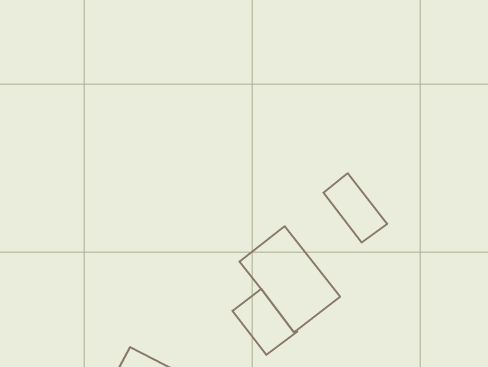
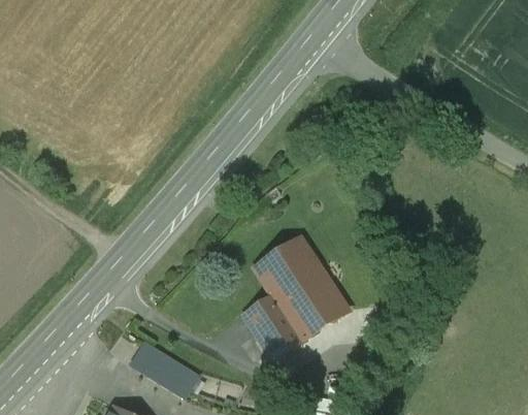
building: [323,173,387,242] -> none

